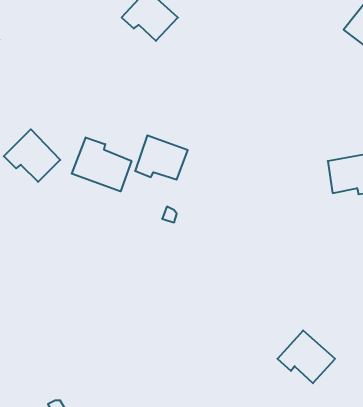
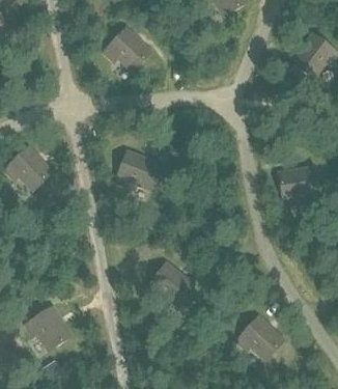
building: [72,137,131,191] -> none
building: none -> [146,261,194,305]
building: none -> [25,305,72,350]

